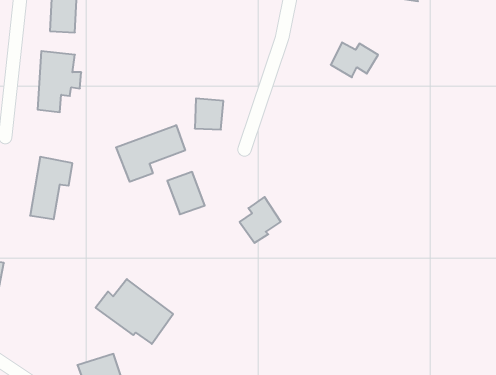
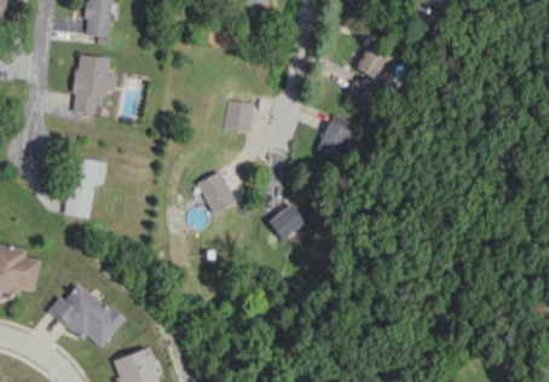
building: none -> [319,122,358,158]
building: [116,125,185,182] -> none
building: [96,279,173,344] -> [47,284,122,347]

